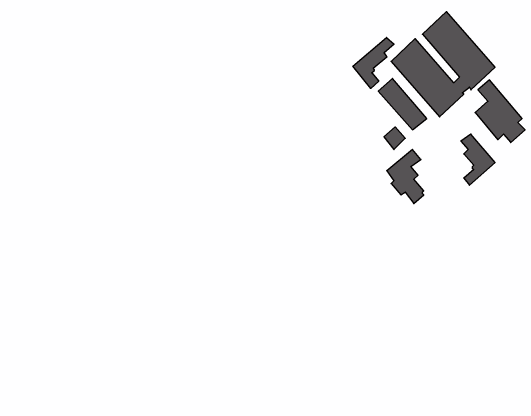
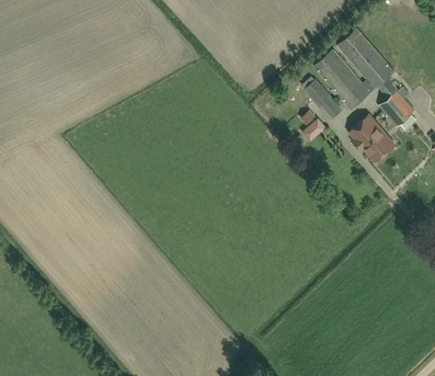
building: [353,37,394,88] -> none
building: [387,149,424,204] -> [348,115,377,157]

